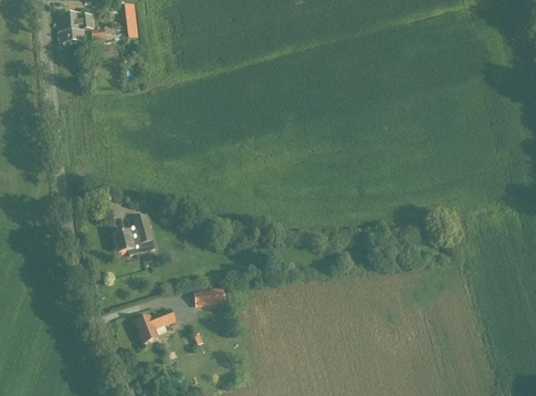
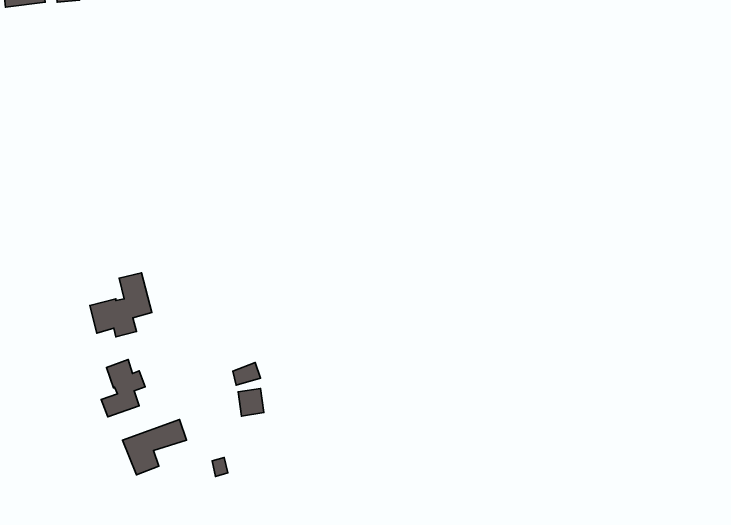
building: none -> [101,360,145,417]

